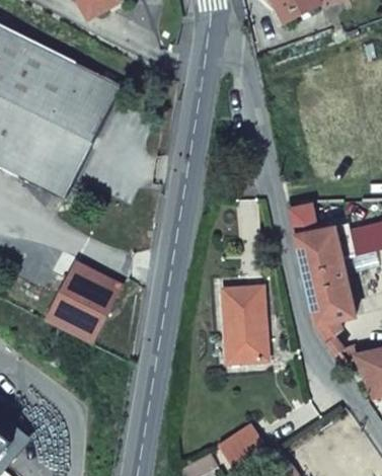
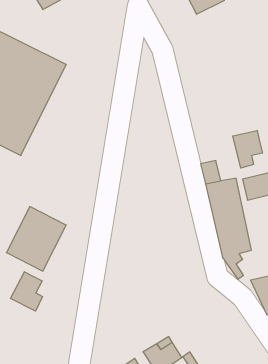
building: none -> [233,130,263,168]
building: [223,286,268,363] -> none
building: none -> [11,272,42,311]

